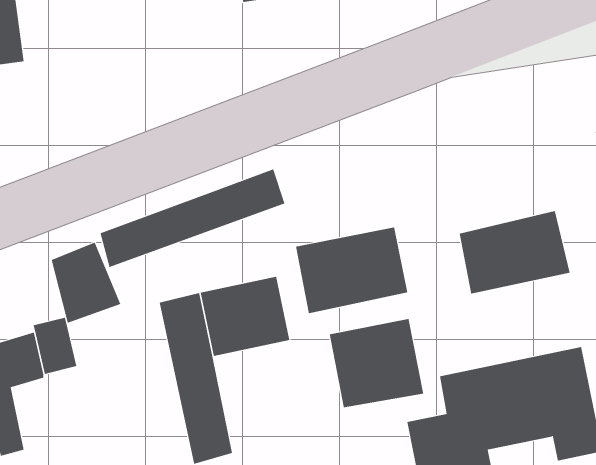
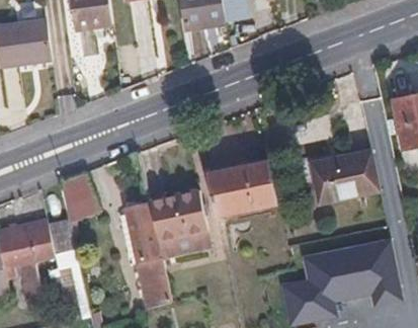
building: [100,169,285,268] -> none
building: [329,318,424,408] -> none

